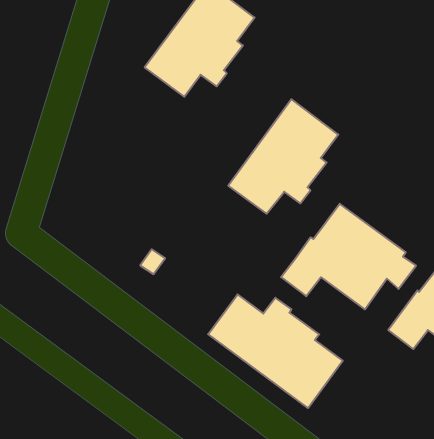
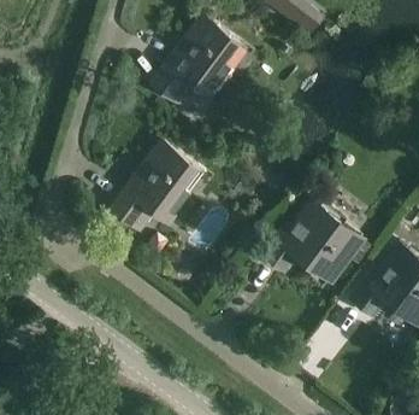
building: [228,99,338,214] -> [110,140,200,234]
building: [208,294,343,408] -> none

